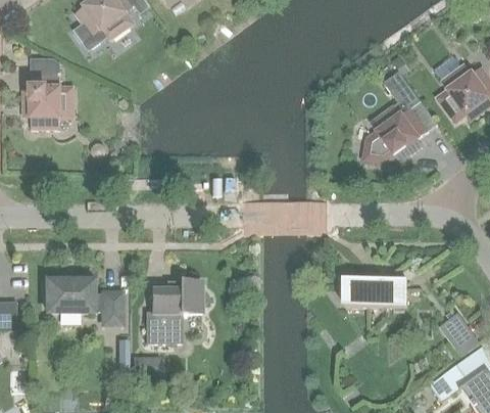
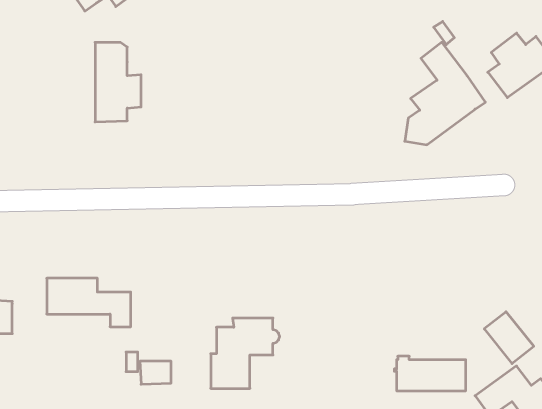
building: [31,58,71,129] -> [95,42,141,122]
building: [343,275,406,306] -> [394,356,466,391]
building: [146,280,207,342] -> [211,318,280,388]

